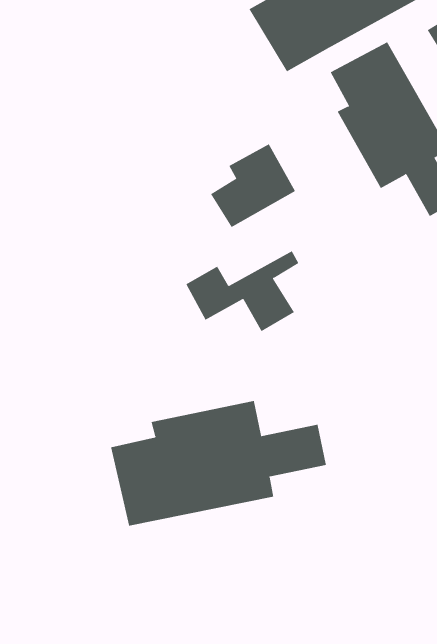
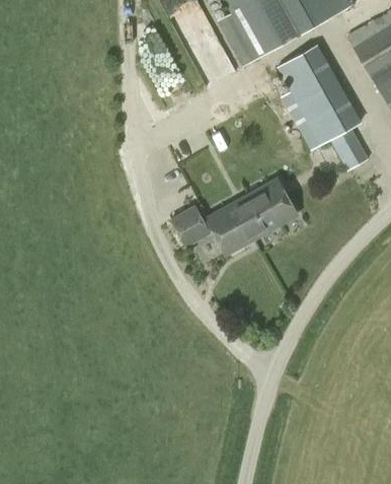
building: [210,144,296,228] -> [235,179,297,239]
building: [110,400,326,526] -> none

